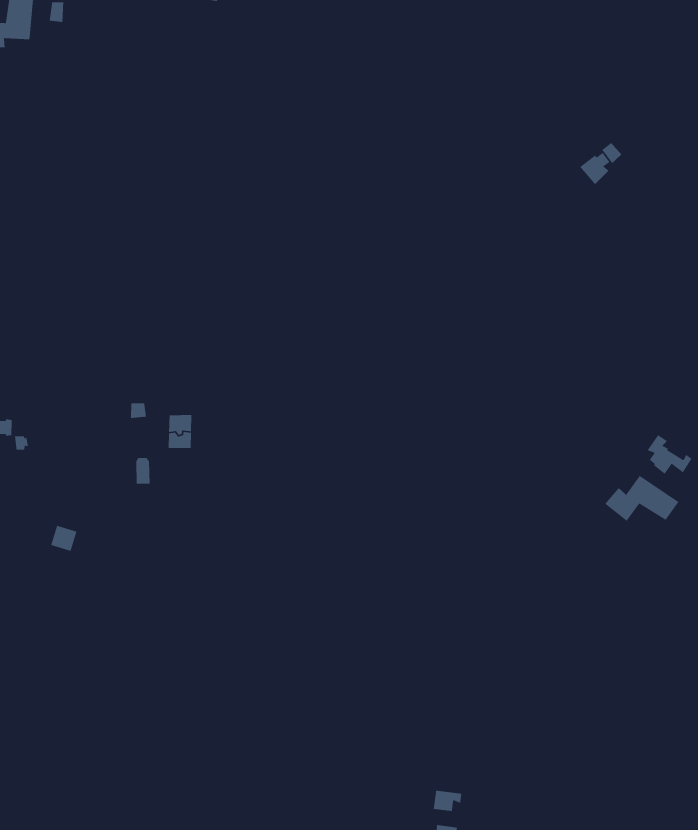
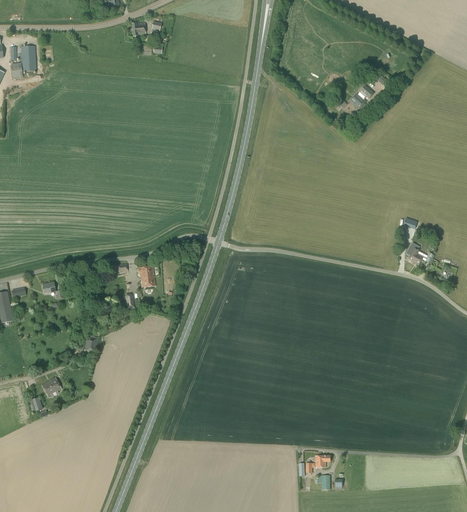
building: [604,475,679,522] -> none

